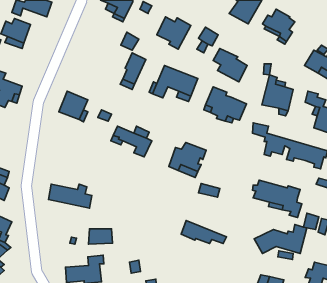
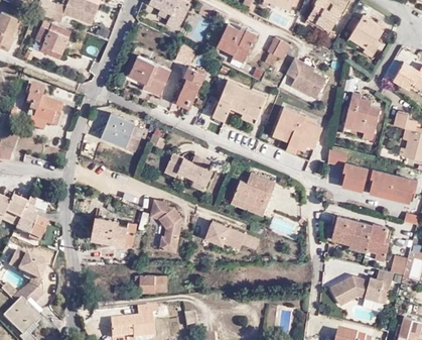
building: none -> [129,54,172,94]
building: none -> [149,198,180,250]
building: [181,221,226,244] -> [204,220,258,247]

